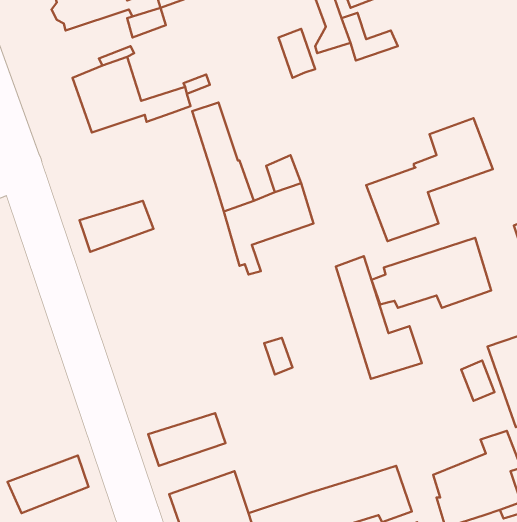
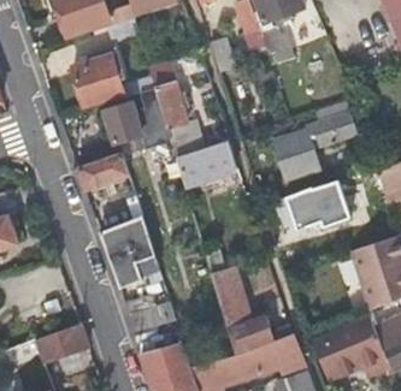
building: none -> [105,85,170,148]
building: [336,256,422,379] -> [212,266,271,350]
building: none -> [98,207,155,289]

